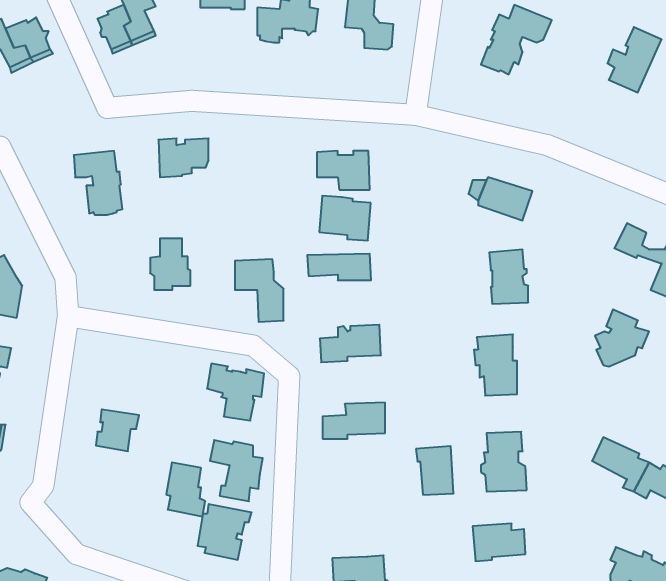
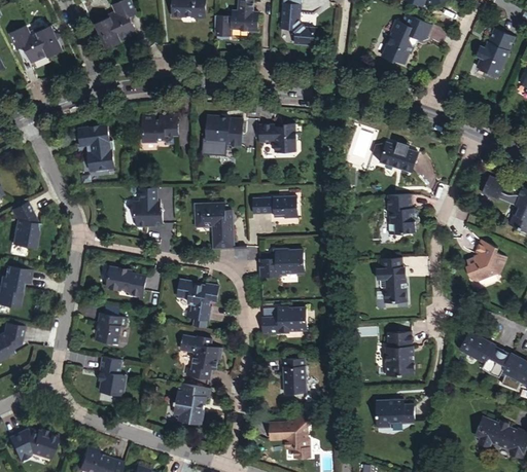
building: [319,196,371,240] -> [207,112,245,145]
building: none -> [106,266,147,296]
building: [416,446,454,495] -> [281,358,309,394]
building: [166,462,205,517] -> [98,356,127,396]

